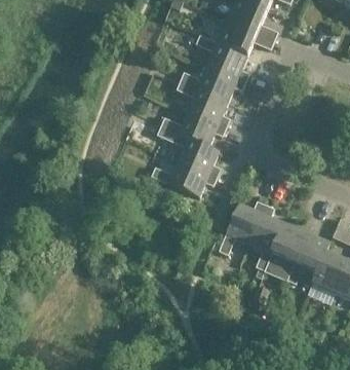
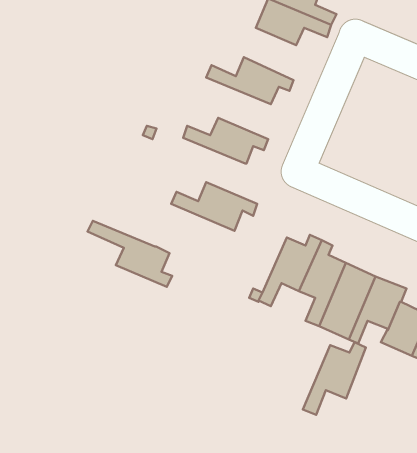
building: [194,35,249,82] -> none
building: [176,80,230,127] -> none
building: [157,126,222,177] -> [87,221,172,287]
building: none -> [303,342,366,415]

